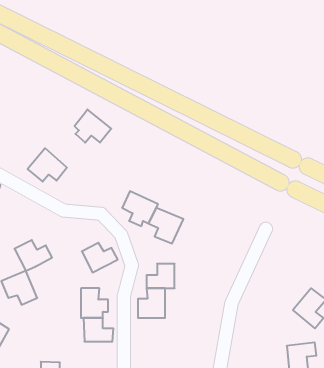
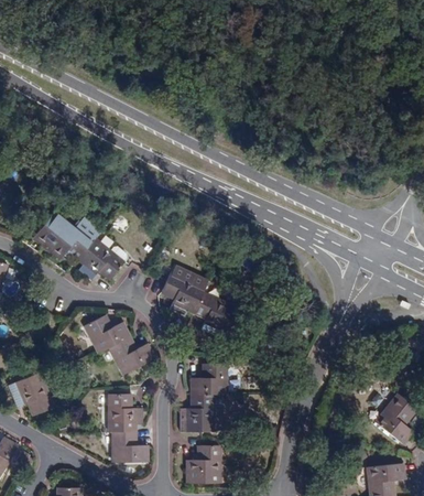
building: [75,109,111,143] -> [77,237,123,279]
building: [14,240,52,271] -> [83,314,130,353]
building: none -> [186,444,220,483]

